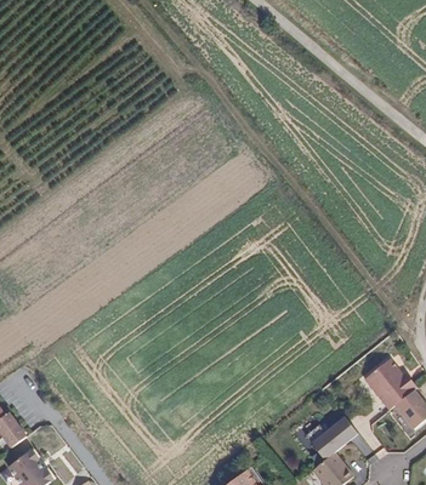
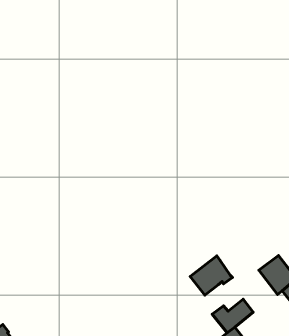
building: none -> [190,256,232,295]

